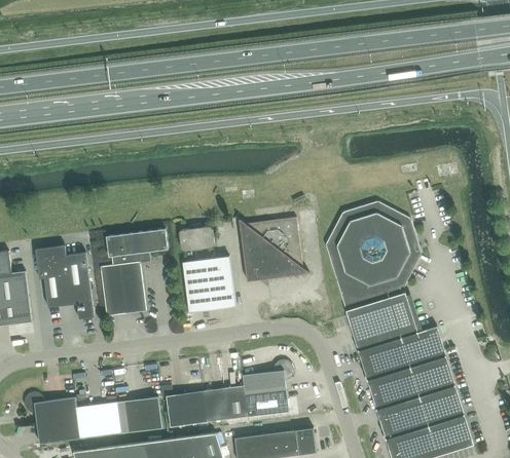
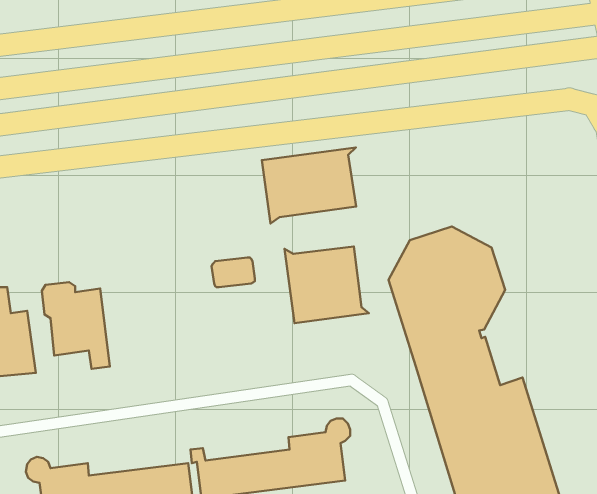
building: none -> [262,148,356,224]
building: [100,229,168,316] -> none
building: [182,257,235,313] -> none

